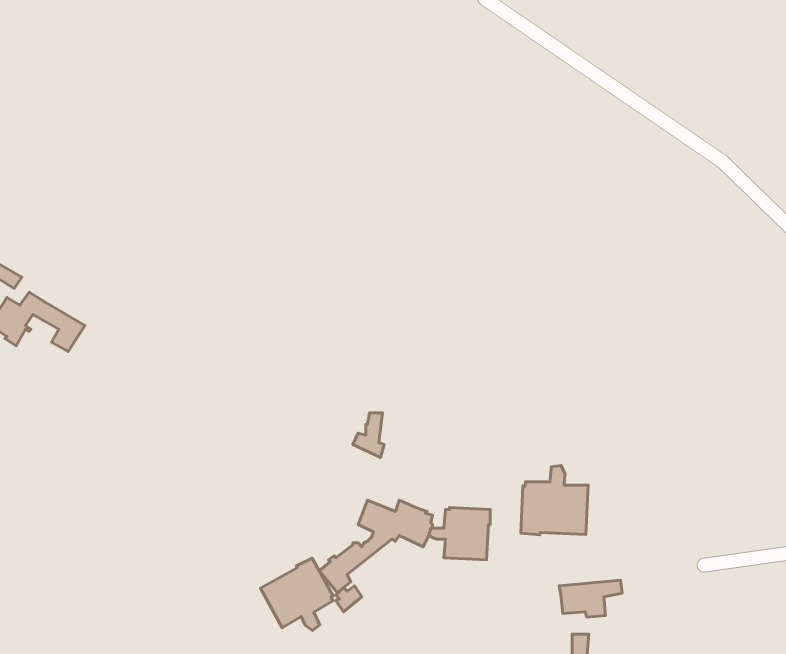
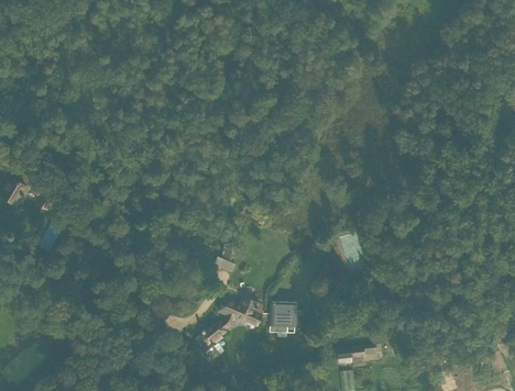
building: [521,465,588,535] -> none
building: [260,558,333,630] -> none

